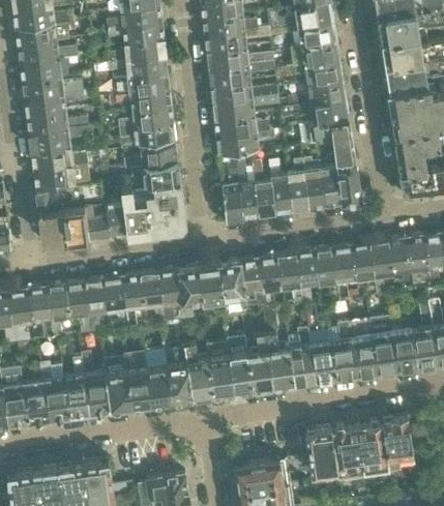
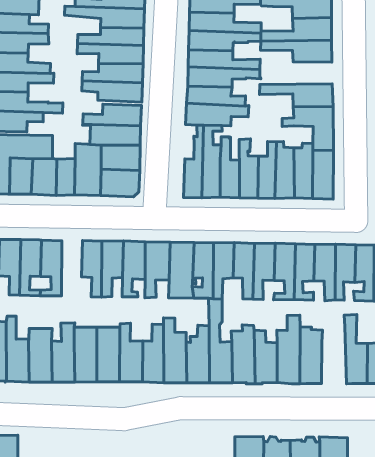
building: [278,79,345,109] -> none
building: [121,274,144,327] -> none
building: [371,317,398,371] -> none

